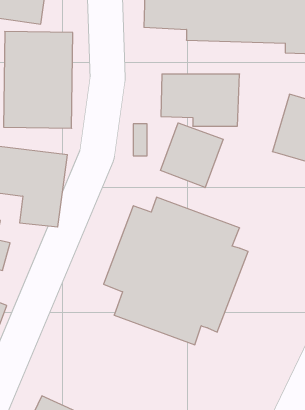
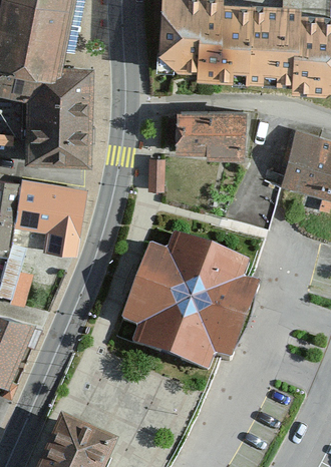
building: [161,123,223,188] -> none

